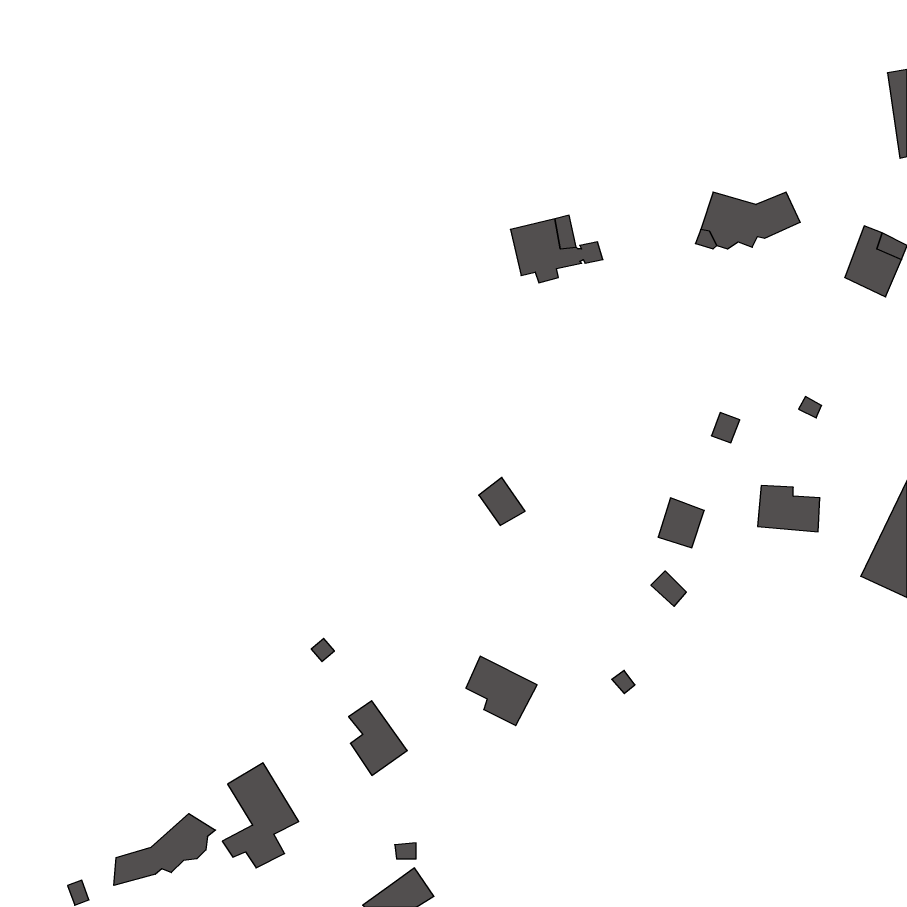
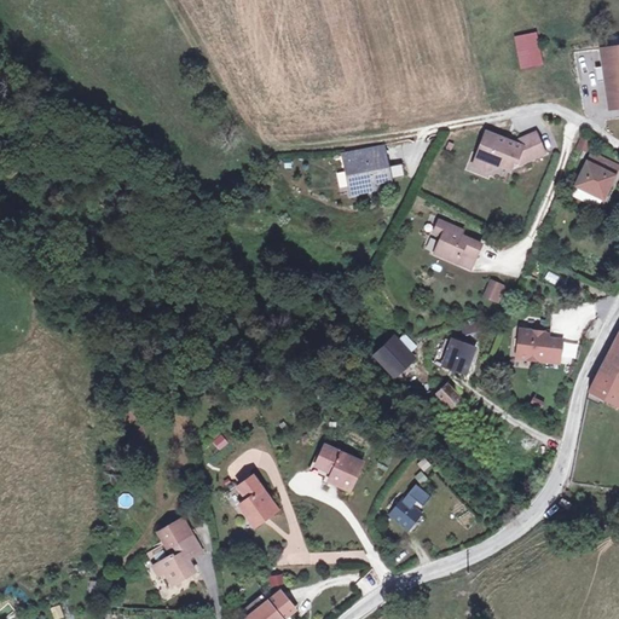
building: none -> [514,31,542,68]
building: none -> [432,220,480,268]
building: [479,477,525,525] -> [380,337,411,370]
building: none -> [393,482,432,525]
building: [114,814,216,885] -> none

